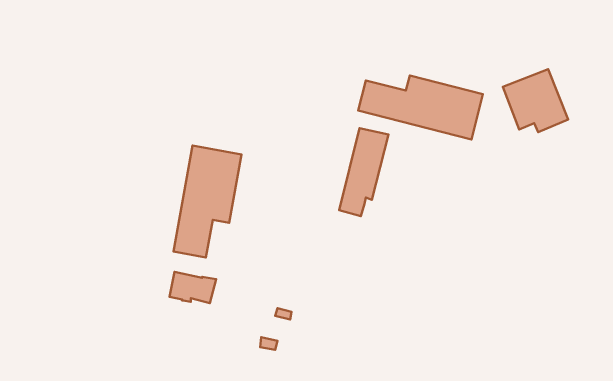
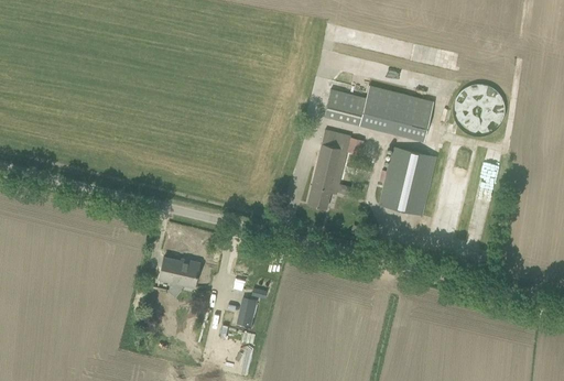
building: [173,146,241,258] -> none
building: none -> [379,149,435,216]

